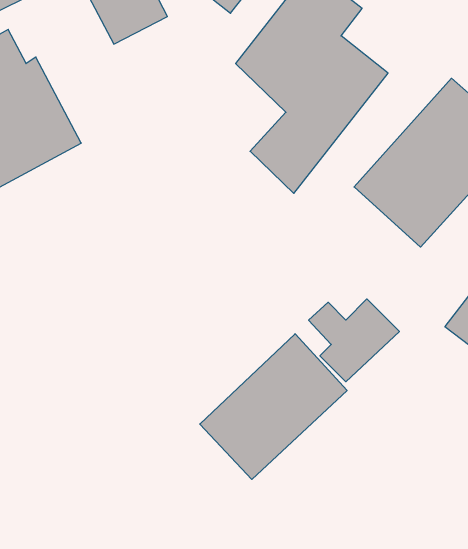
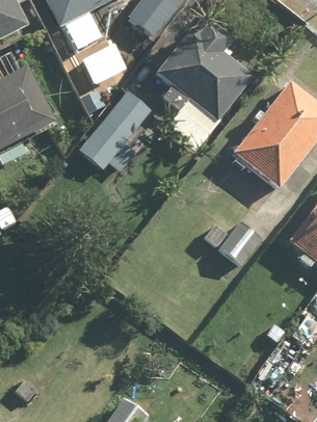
building: none -> [77,91,149,174]
building: [200,334,347,479] -> none

